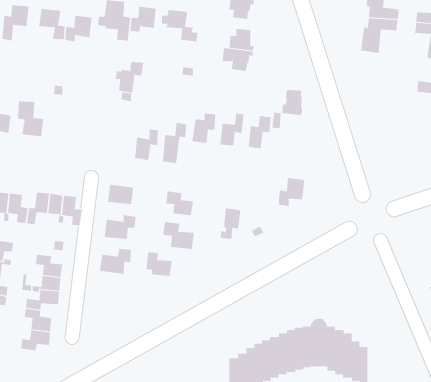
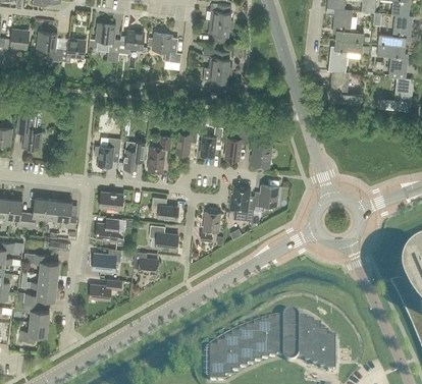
building: none -> [330,69,361,104]
building: [115,61,144,93] -> [95,136,121,165]
building: [282,90,303,115] -> [251,142,270,165]
building: none -> [231,184,254,221]
building: none -> [89,278,122,299]

